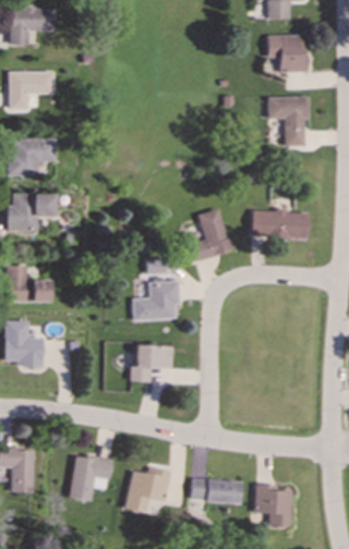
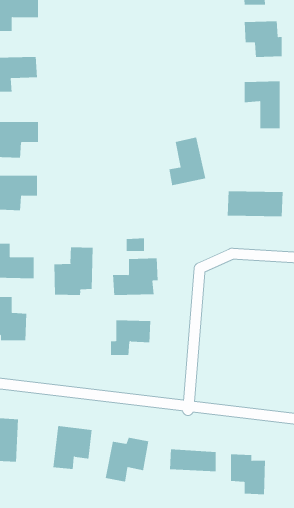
building: [192,208,231,259] -> [168,137,206,186]
building: none -> [54,246,93,296]

